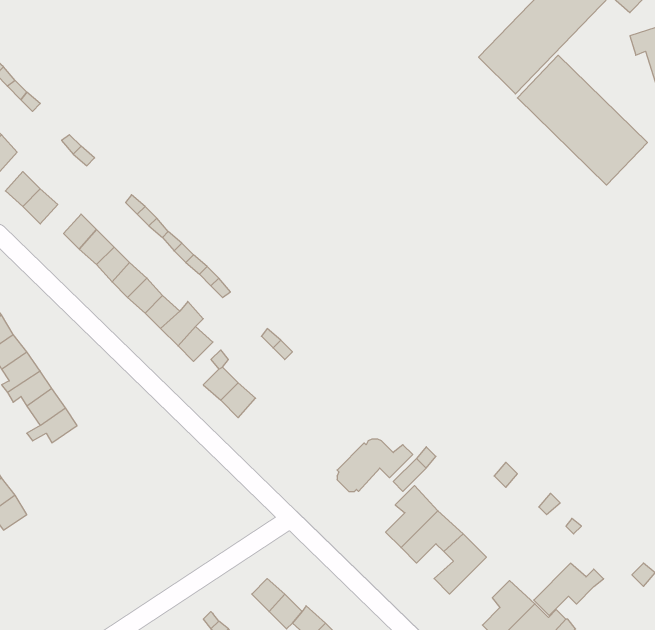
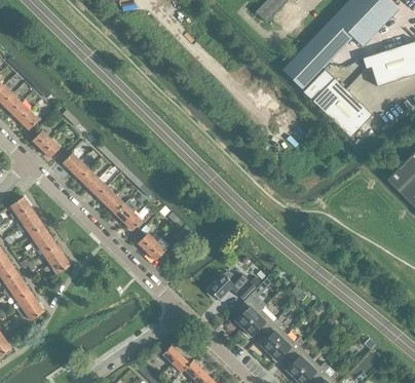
building: [534,563,604,616] -> [267,334,304,361]

